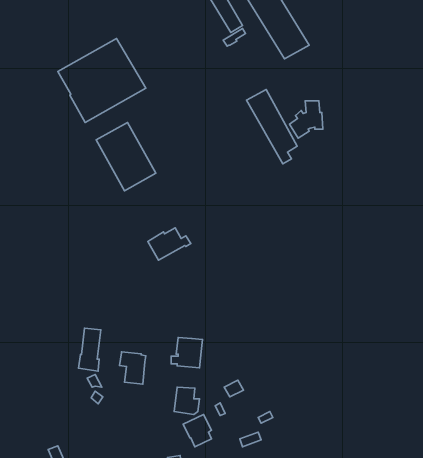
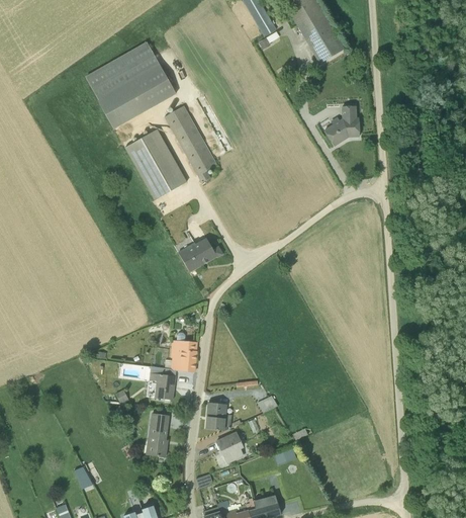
building: [247,90,297,164] -> [164,105,216,182]
building: [79,328,101,371] -> [145,413,168,457]
building: [171,338,202,368] -> [165,340,197,371]

